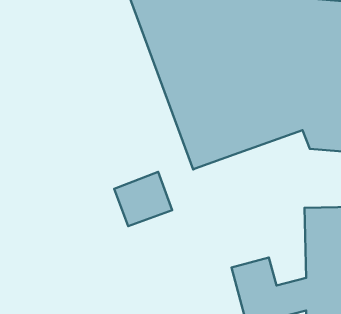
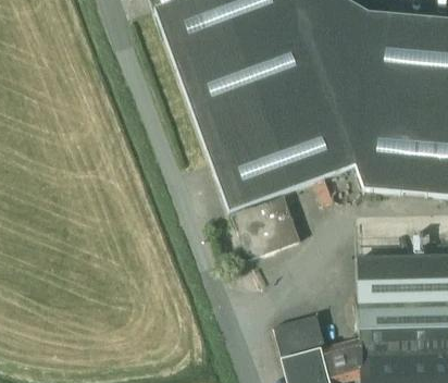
building: [114,172,172,226] -> [232,193,299,256]

